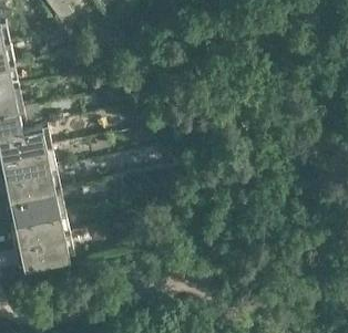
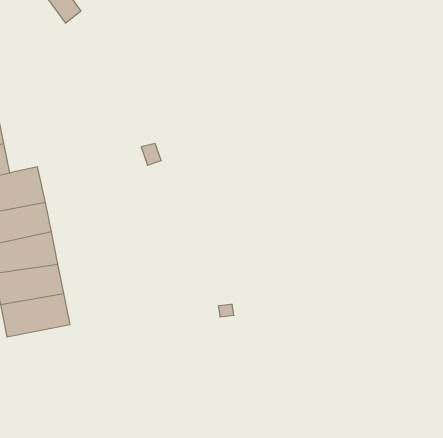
building: [20,240,70,268] -> none

